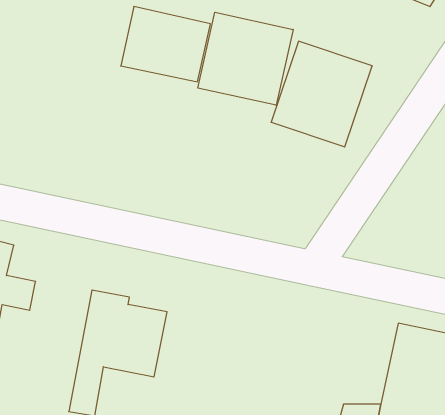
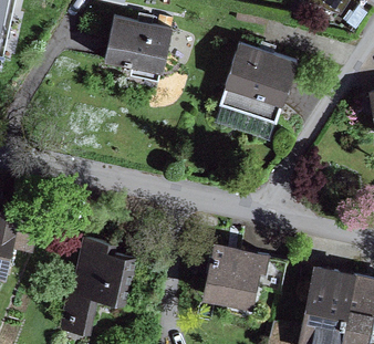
building: [198,12,293,105] -> none
building: none -> [202,239,270,305]

